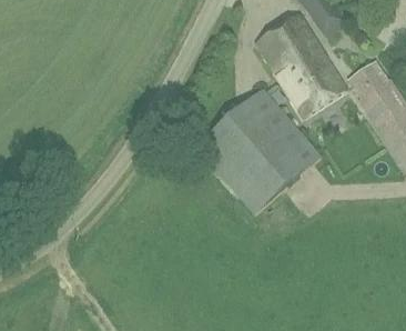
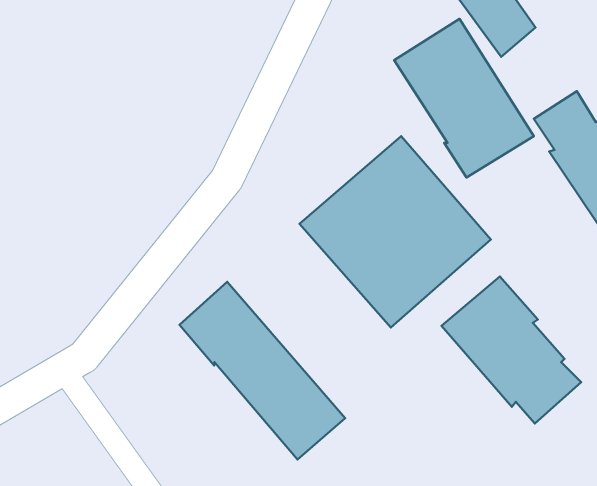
building: none -> [442,276,581,423]
building: none -> [180,282,345,459]

